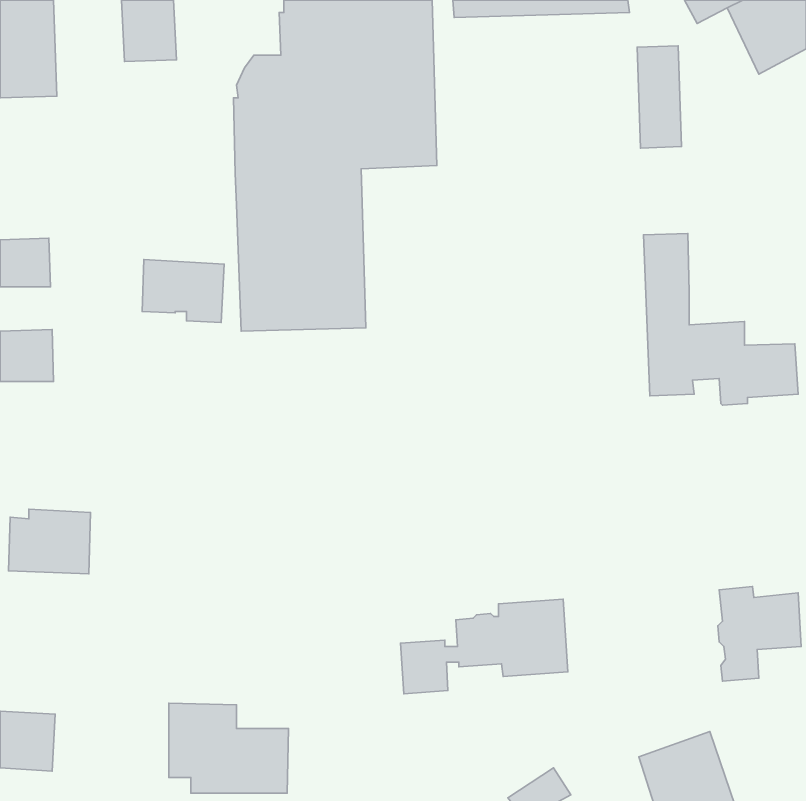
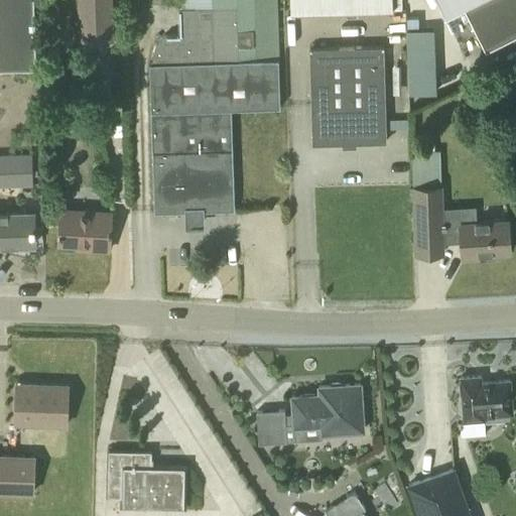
building: none -> [309,49,386,147]
building: [142,259,224,322] -> [58,213,111,253]
building: [8,509,90,574] -> [15,386,68,427]

